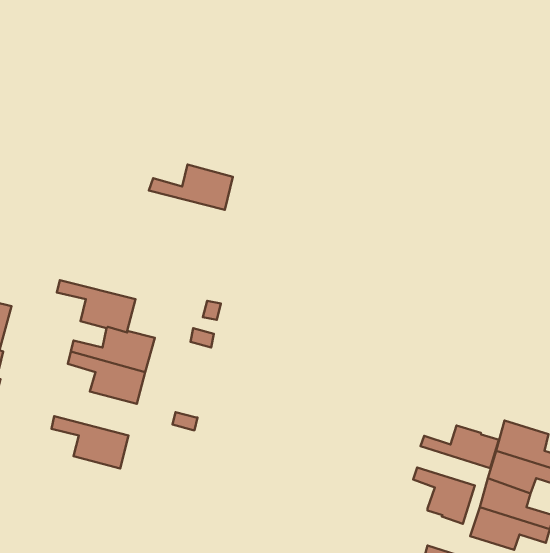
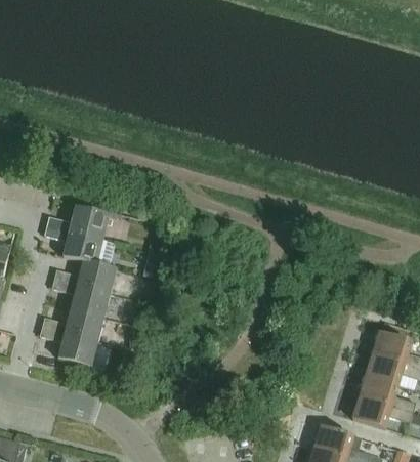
building: [149,164,233,210] -> [47,208,110,242]
building: none -> [43,310,104,343]
building: [420,426,499,468] -> none
building: [413,467,475,524] -> none

